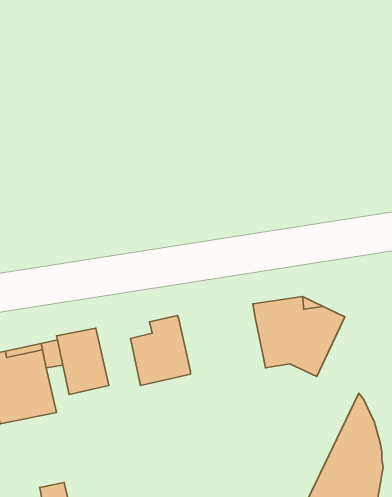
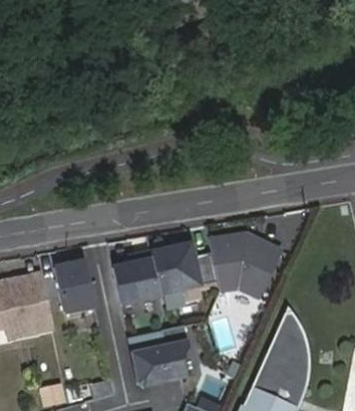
building: none -> [150,244,217,294]
building: none -> [130,326,189,386]

